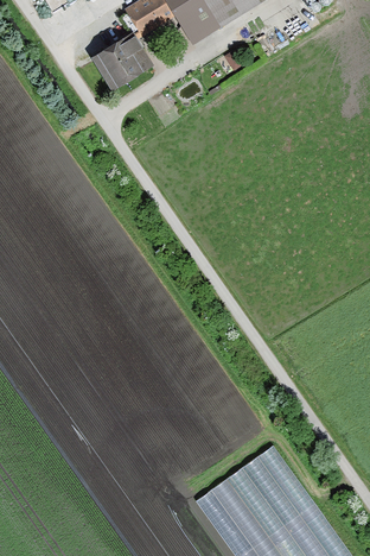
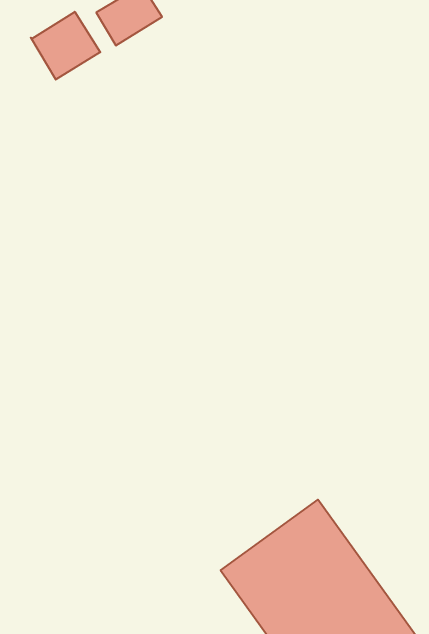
building: none -> [31,12,100,80]

